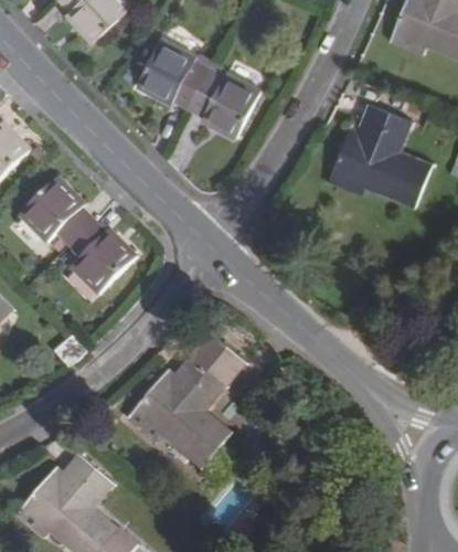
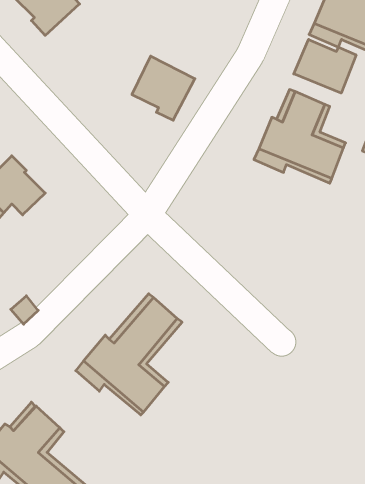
building: [136,41,211,109] -> none
building: none -> [294,39,356,93]
building: [67,220,135,294] -> none

